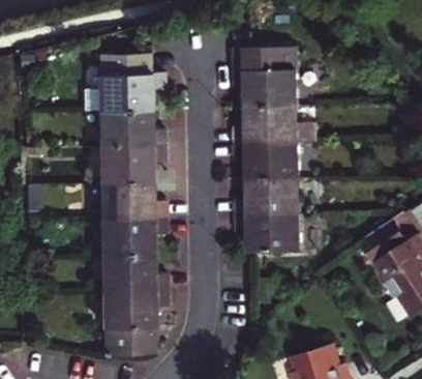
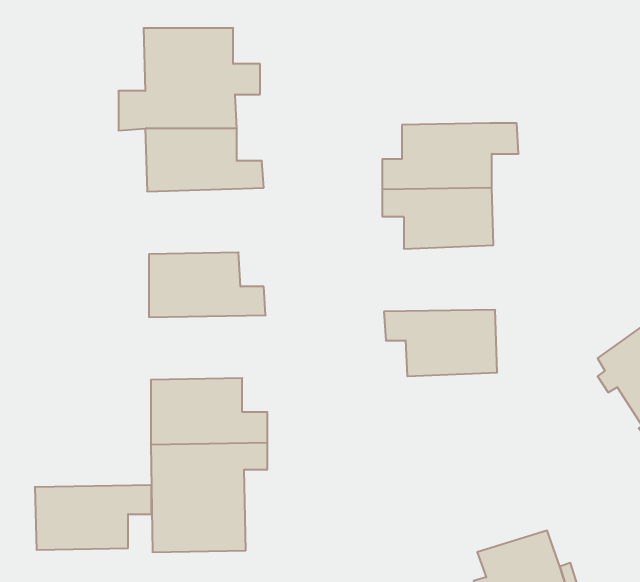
building: [235,49,298,109] -> none
building: [100,145,168,183] -> none
building: [237,178,301,216] -> none
building: [101,218,169,256] -> [35,485,151,550]

